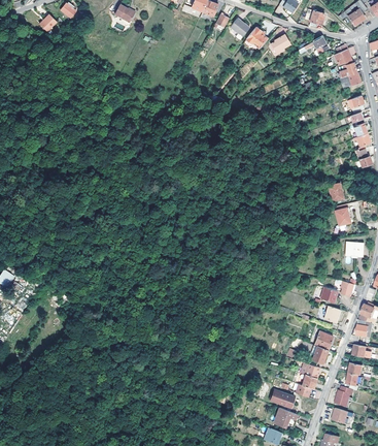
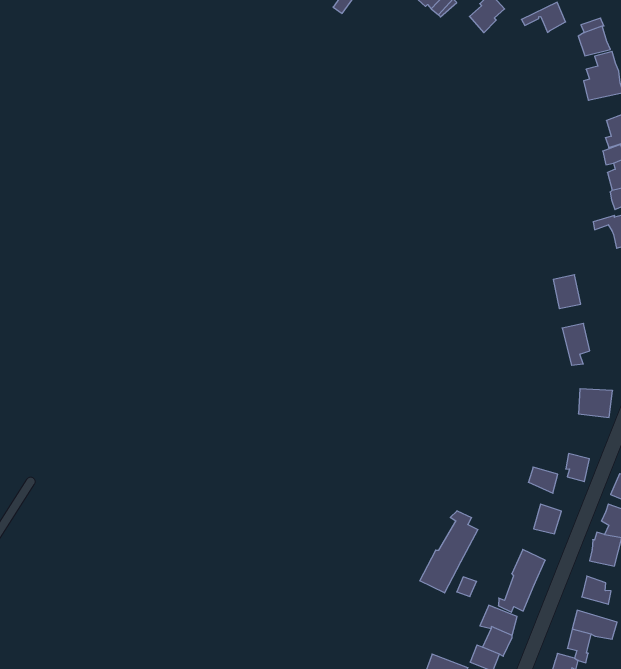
building: none -> [420,511,478,593]

